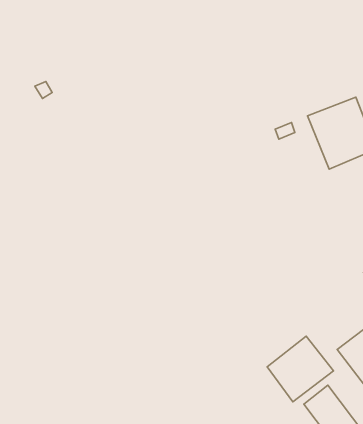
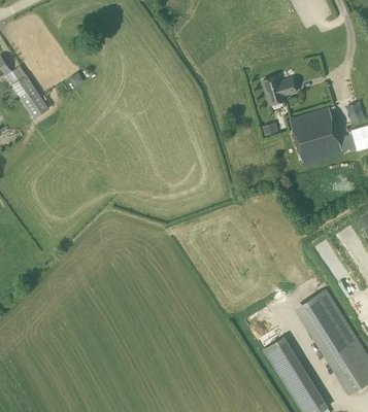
building: none -> [262,75,296,104]
building: [267,336,334,402] -> none

